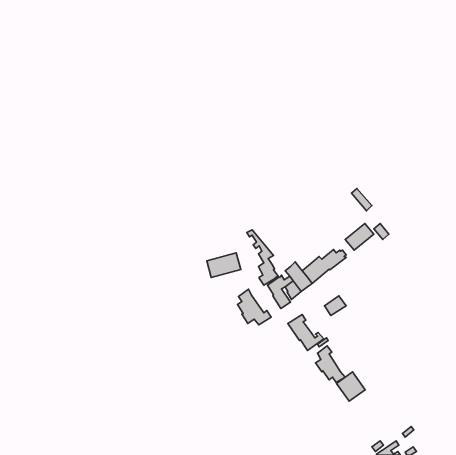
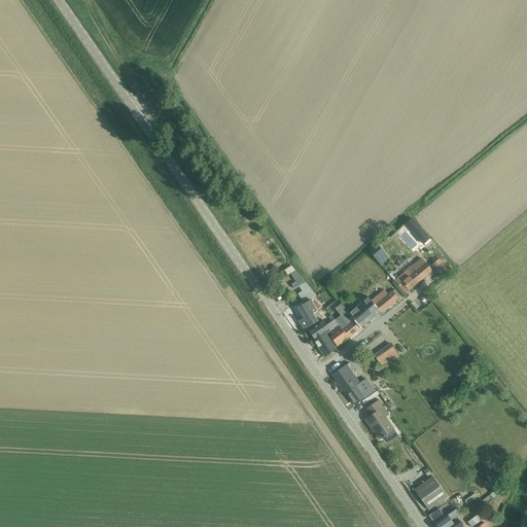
building: [207,253,241,277] -> none
building: [237,289,271,325] -> none
building: [337,372,365,401] -> [413,475,446,508]

